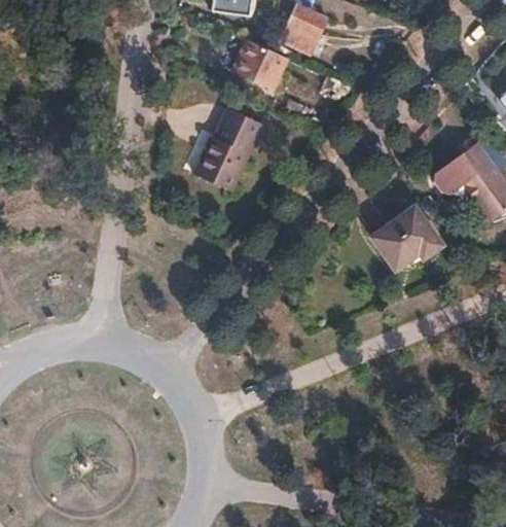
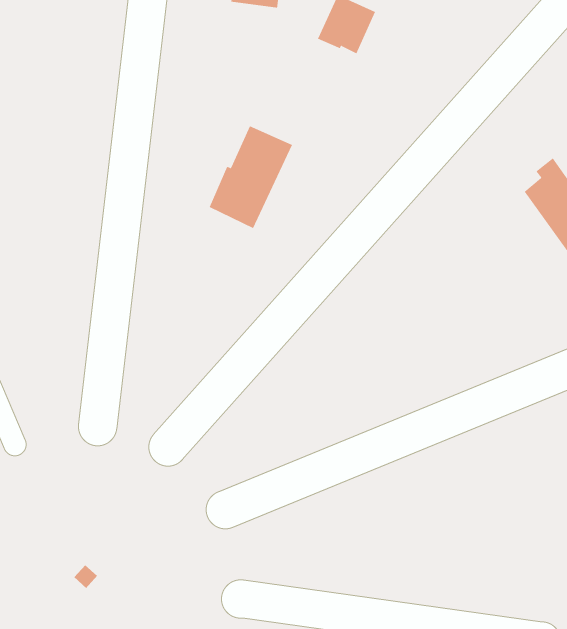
building: [232,39,288,90] -> none
building: [372,208,442,269] -> none

